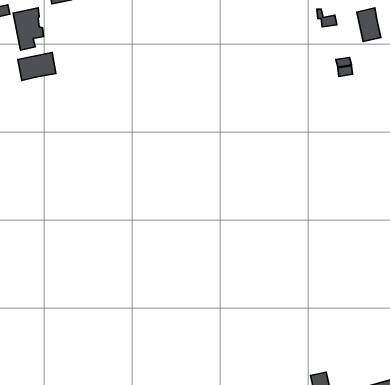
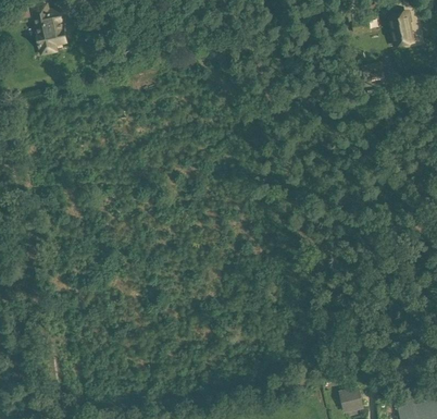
building: [18,52,56,80] -> none

